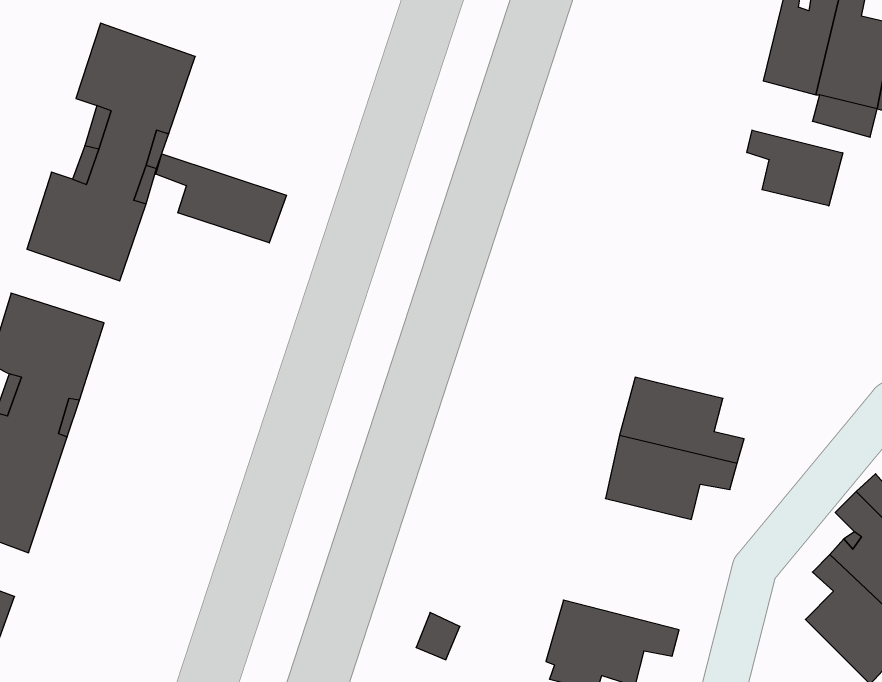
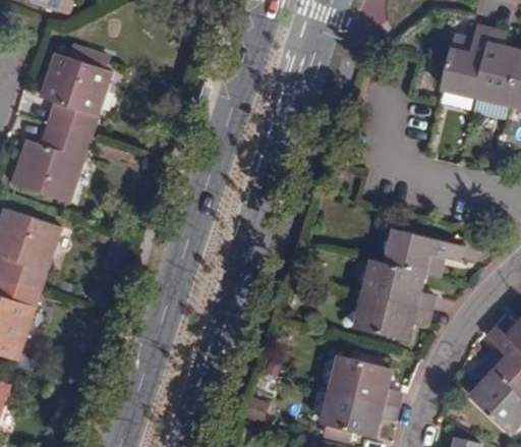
building: [747,130,843,206] -> none
building: [156,154,286,243] -> none
building: none -> [382,226,457,274]
building: none -> [328,352,399,404]

